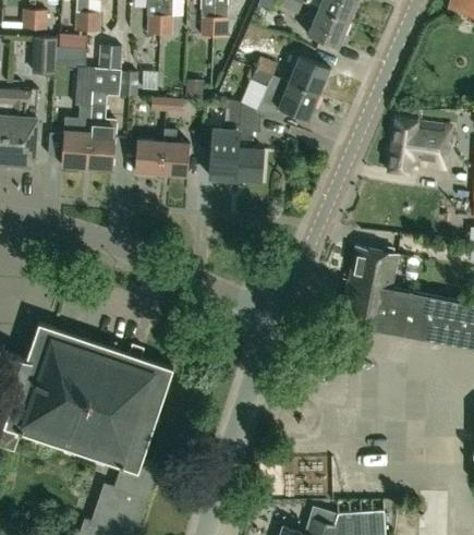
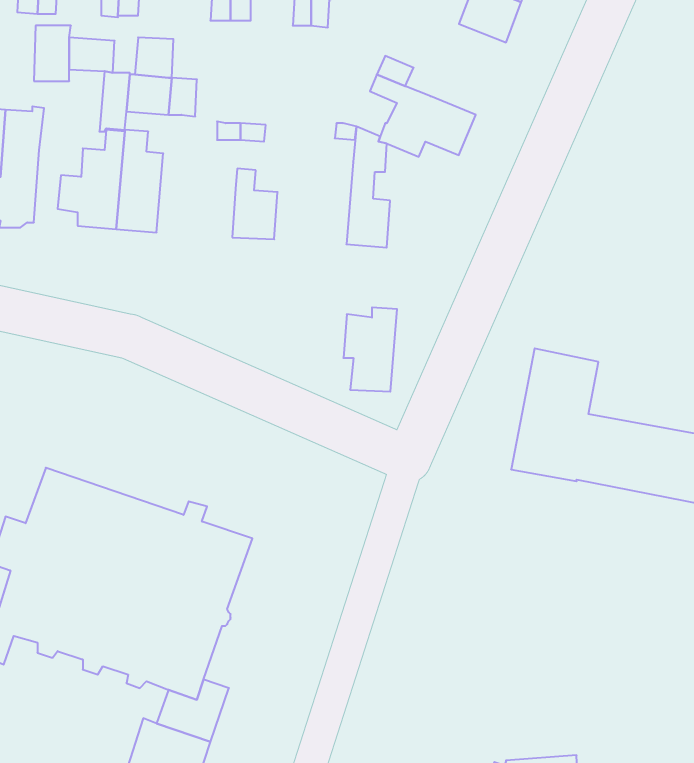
building: [290,57,330,95] -> none
building: [389,118,451,173] -> none
building: [205,124,240,179] -> [343,307,397,392]
building: [135,142,163,174] -> none

